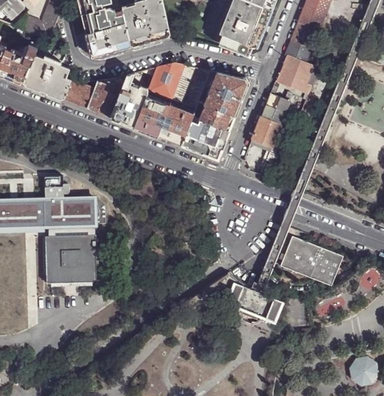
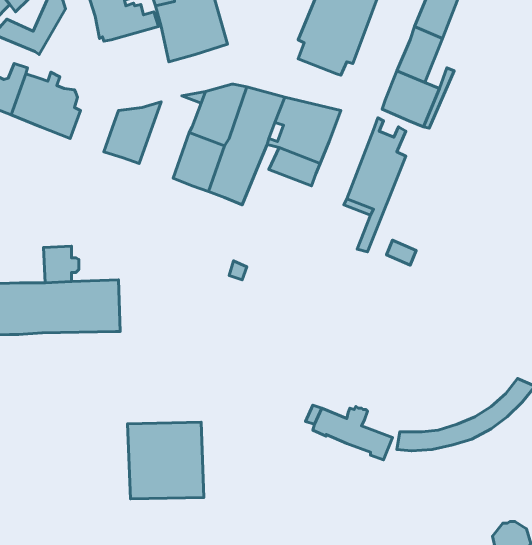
building: [84,23,130,55] -> none
building: [110,72,146,126] -> none
building: [63,80,93,108] -> none
building: [180,117,227,159] -> none
building: [44,230,96,282] -> [127,422,204,499]
building: [279,235,341,283] -> none

